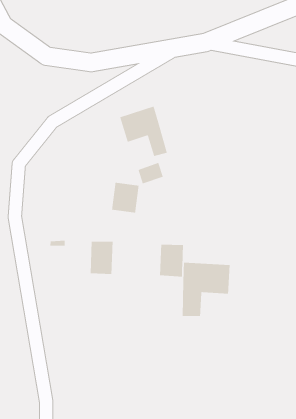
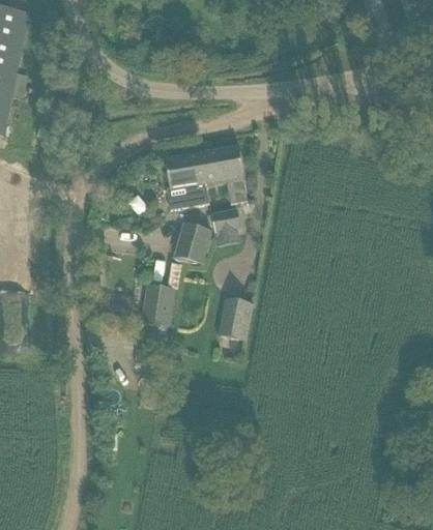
building: none -> [165,152,208,209]
building: [182,262,231,317] -> none

